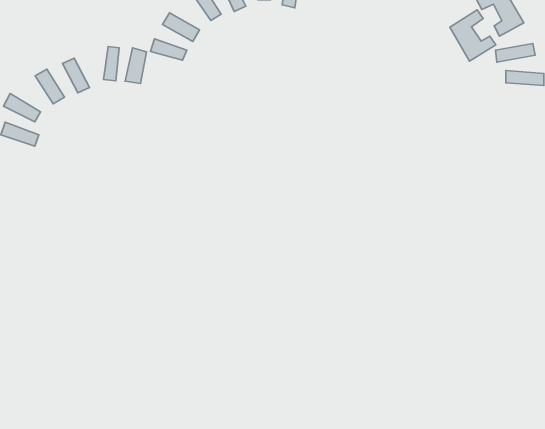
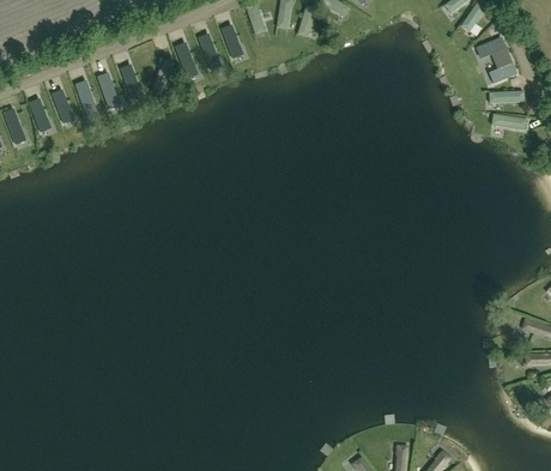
building: [450,10,496,61] -> none

